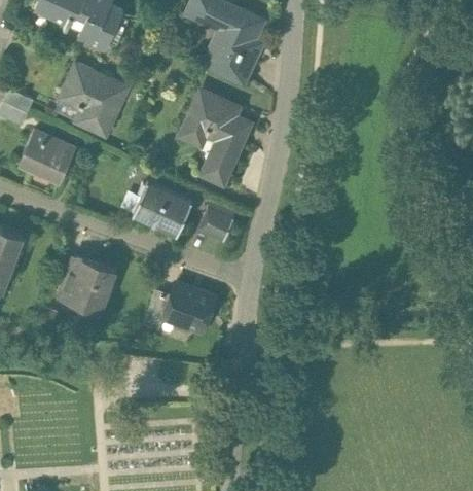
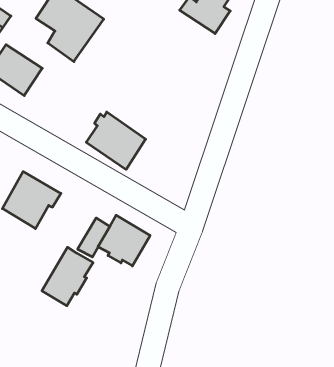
building: [182,91,251,183] -> none
building: [198,208,234,243] -> none
building: none -> [42,247,93,306]

